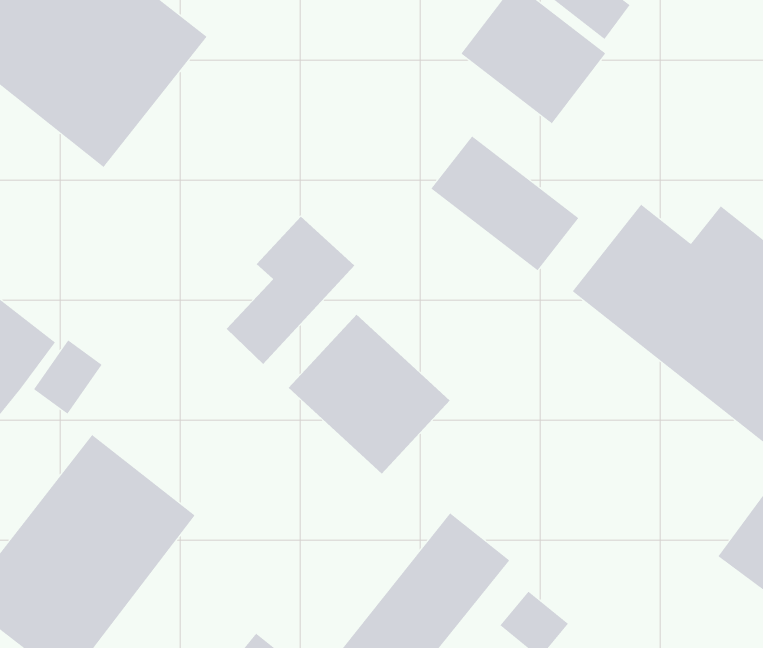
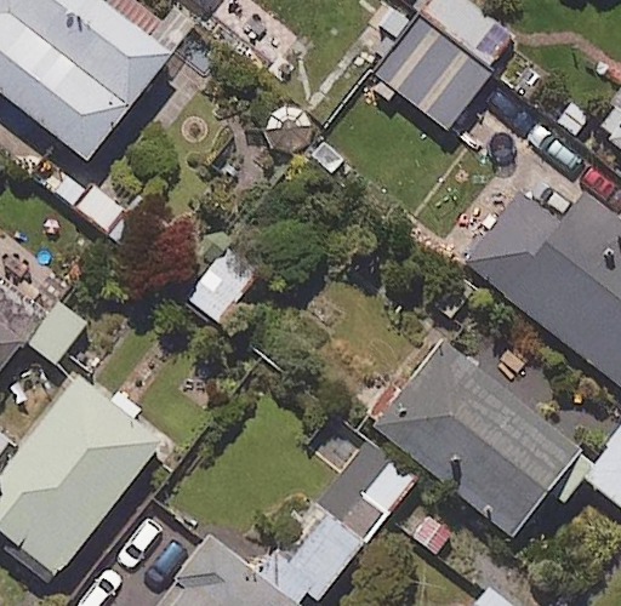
building: [431,135,579,271] -> none
building: [288,314,451,475] -> none
building: none -> [375,341,583,538]

